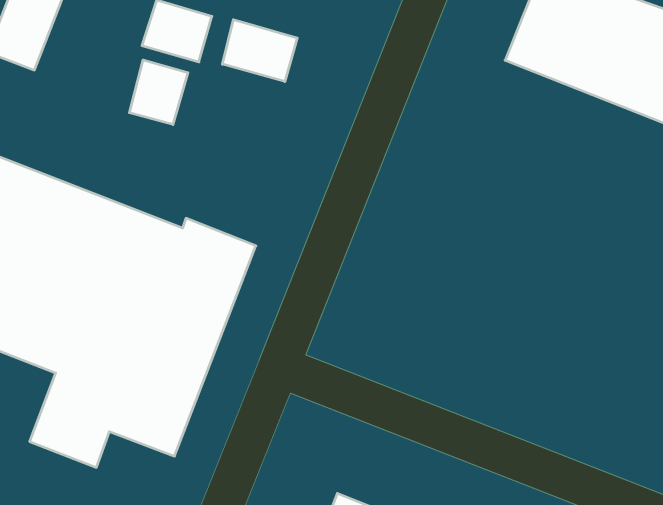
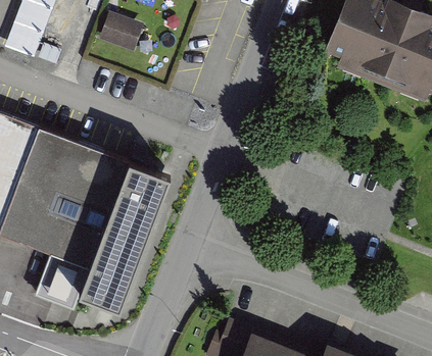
building: [222,20,297,82] -> none
building: [129,60,188,125] -> none

